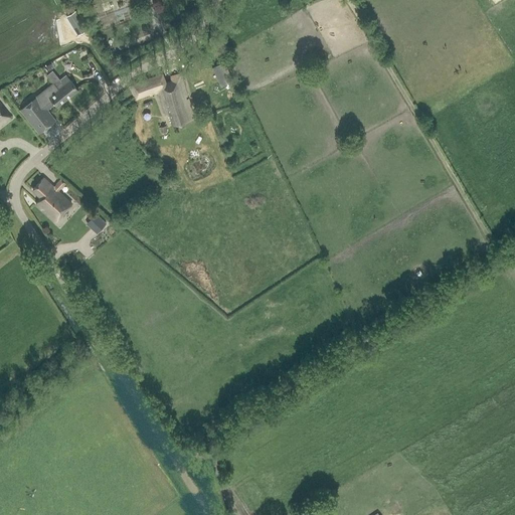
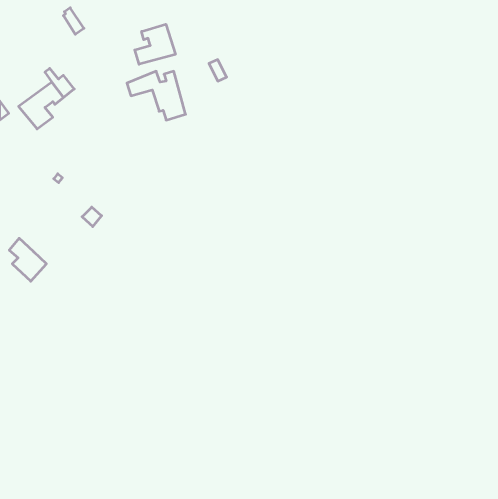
building: none -> [135,24,175,64]
building: [32,177,70,221] -> [9,238,46,281]

